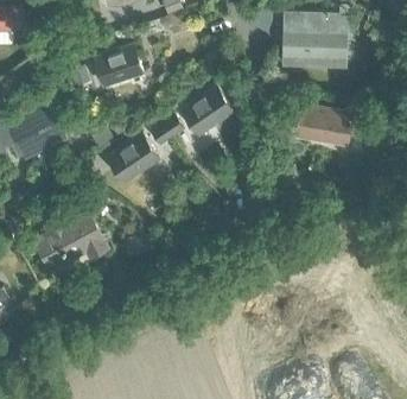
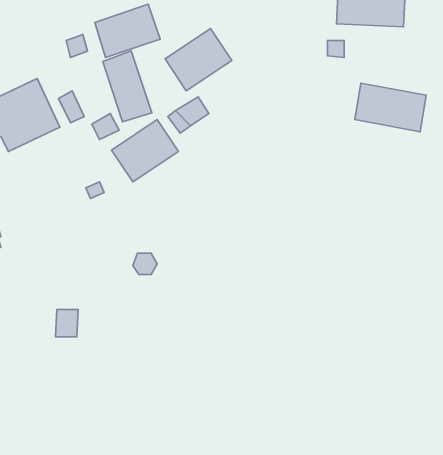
building: none -> [103,51,152,122]
building: [182,88,234,137] -> [165,29,232,91]
building: [32,213,110,276] -> none

